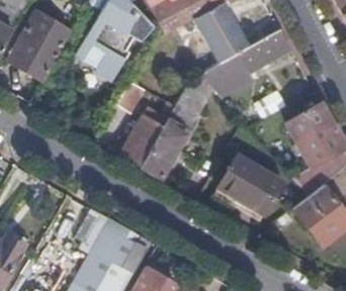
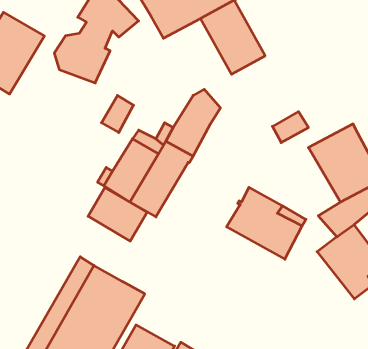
building: [200,31,292,96] -> none
building: none -> [88,187,147,241]

